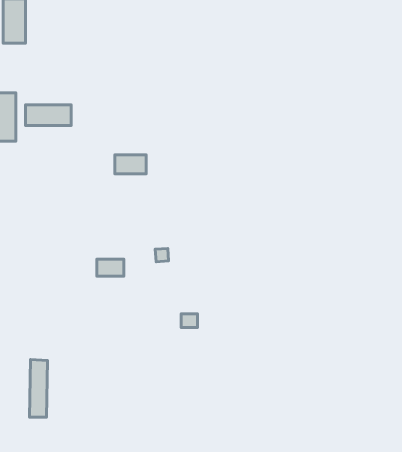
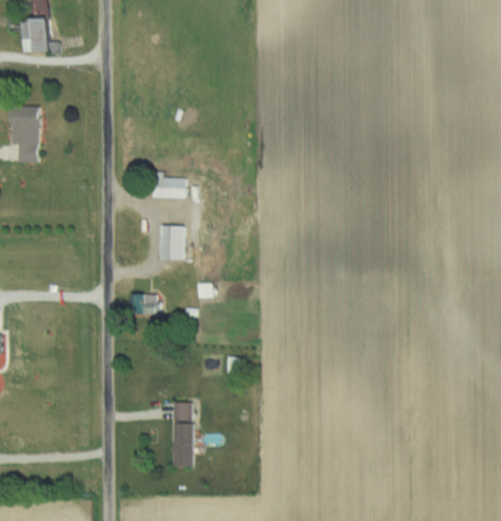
building: [25,105,71,125] -> none
building: none -> [161,225,184,259]
building: [29,360,47,417] -> [171,401,191,466]

